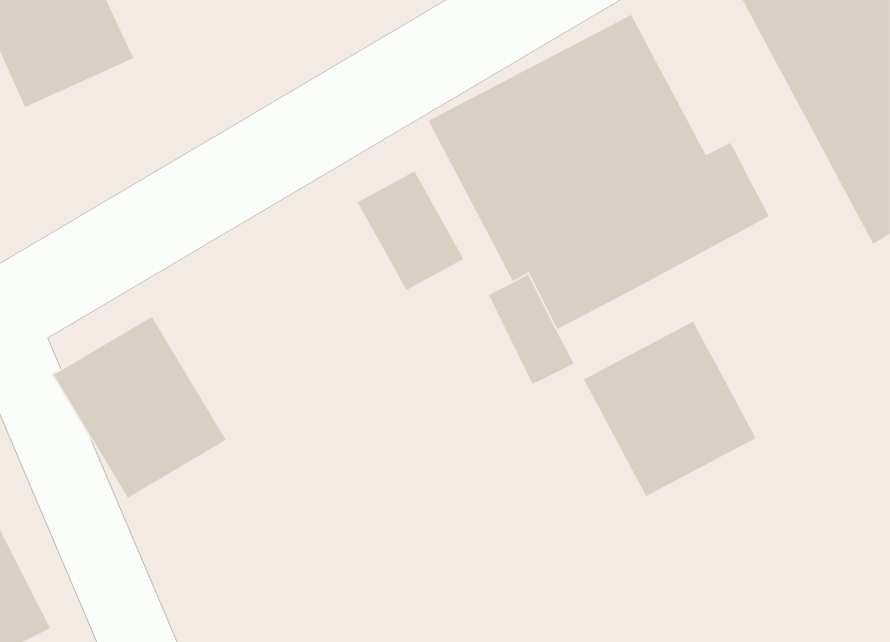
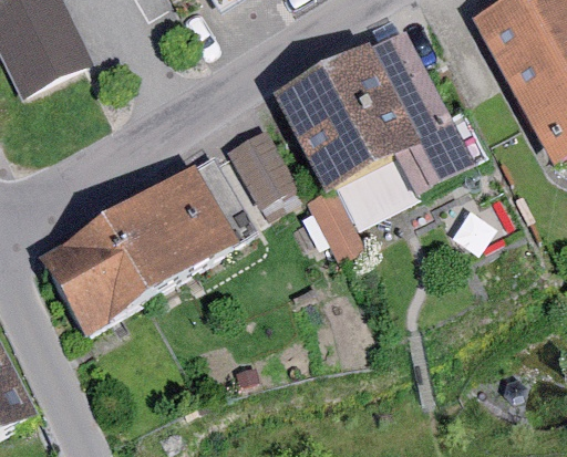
building: none -> [101,154,256,295]
building: [583,321,757,497] -> none

